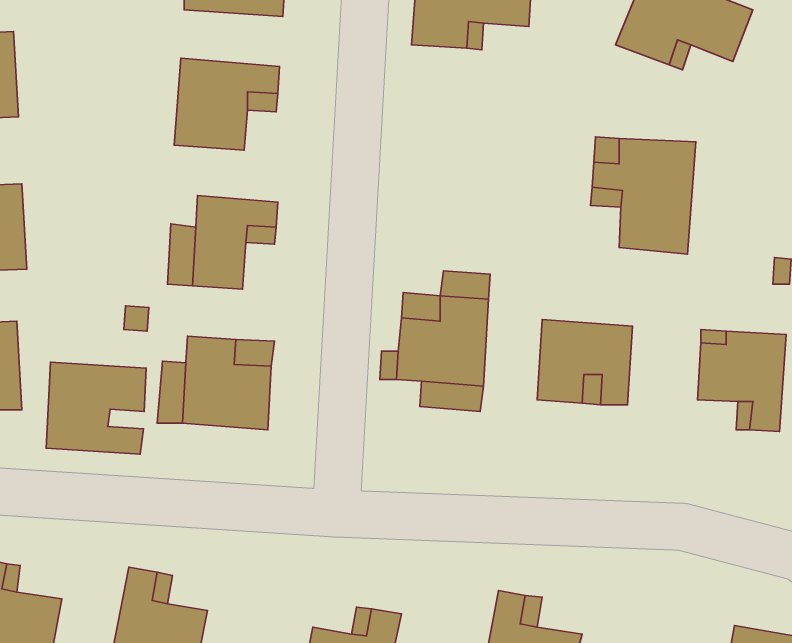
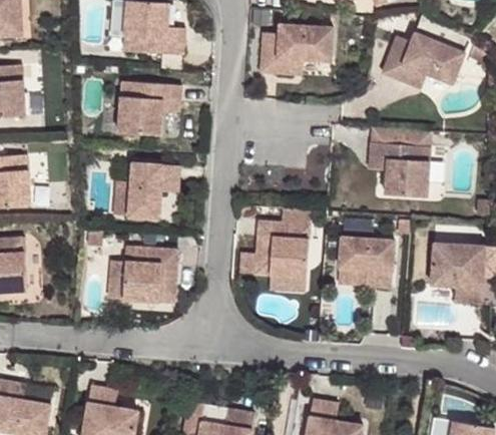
building: [46,362,146,454] -> none

